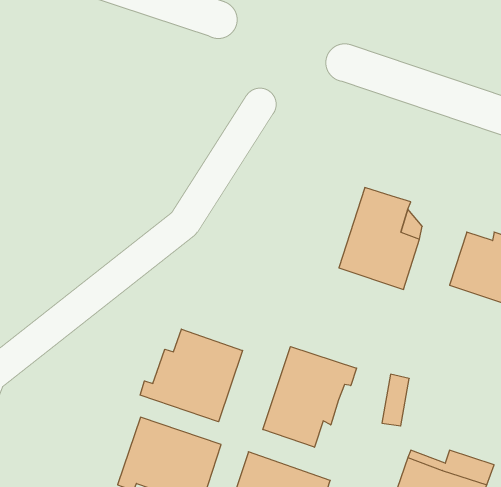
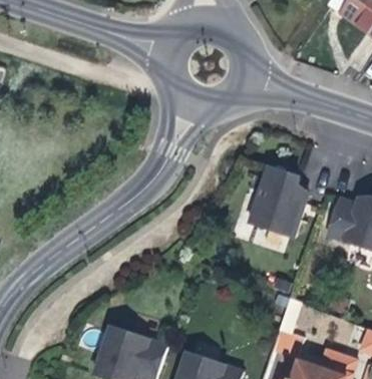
building: [140,329,243,422] -> none
building: [263,347,357,447] -> none

